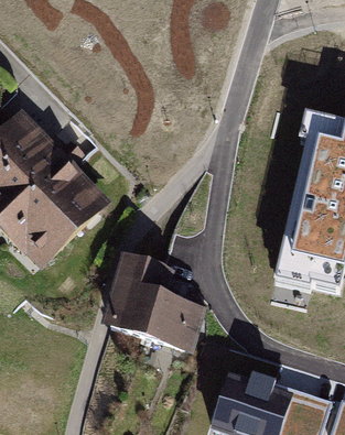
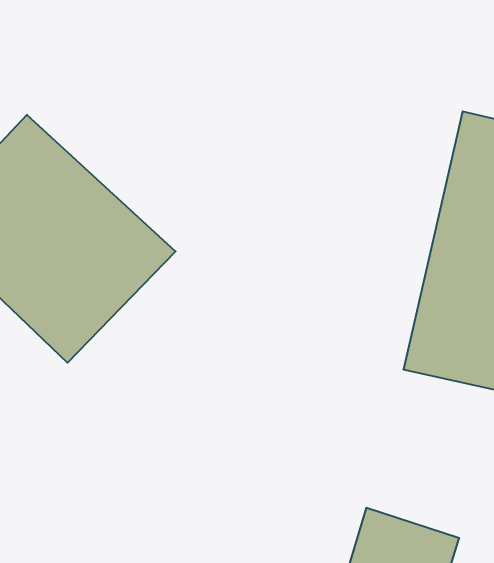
building: [107,252,213,355] -> none

